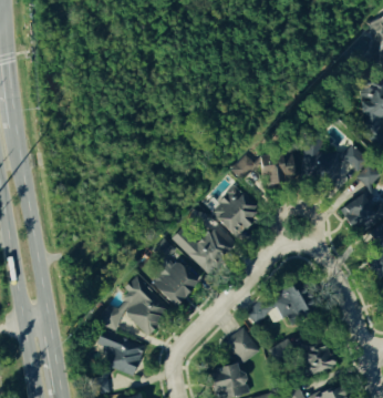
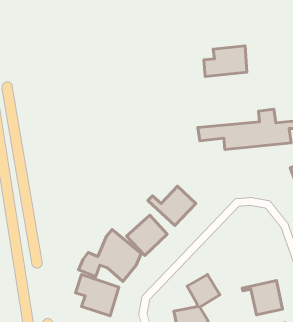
building: none -> [204,46,247,77]
building: [211,185,263,237] -> none
building: [246,282,310,327] -> none

